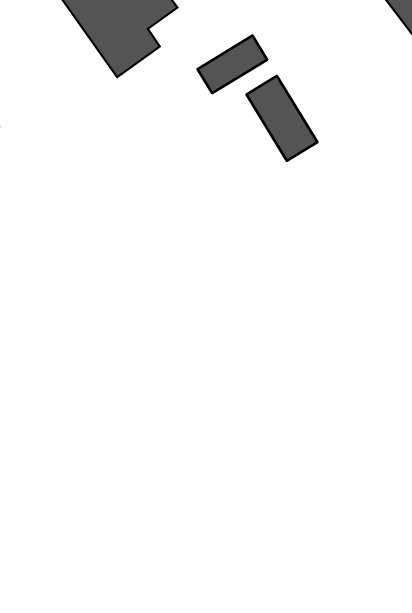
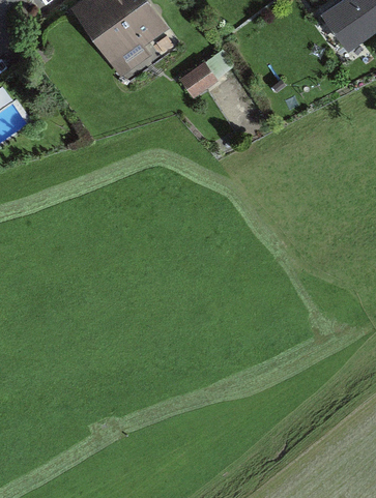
building: [246,76,317,161] -> none

